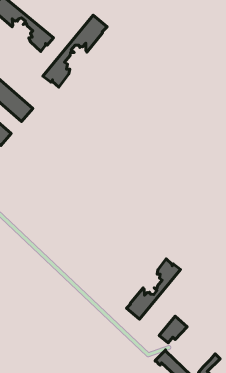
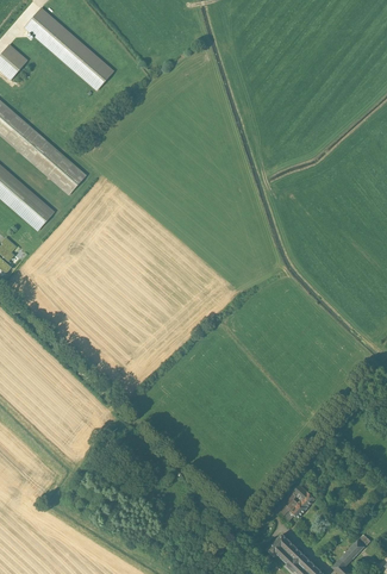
building: [43,15,107,87] -> none
building: [126,259,181,319] -> none

